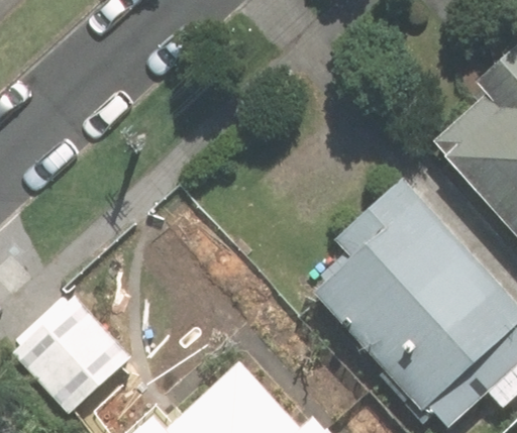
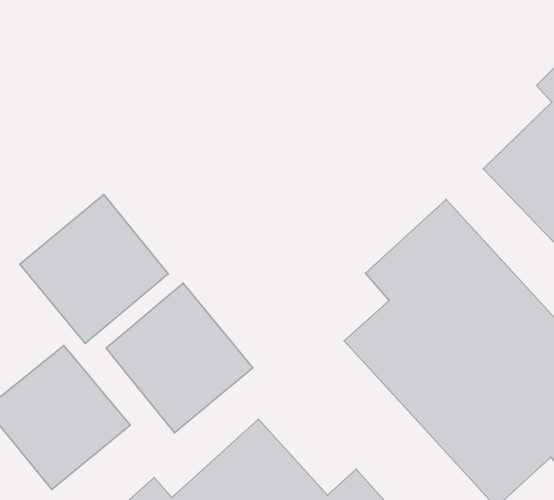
building: none -> [20,195,168,344]
building: none -> [106,283,253,433]

